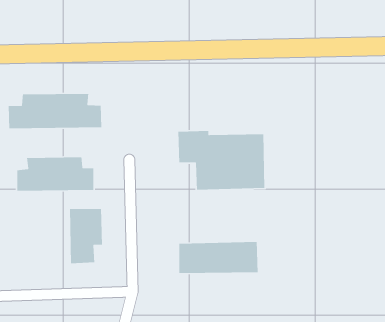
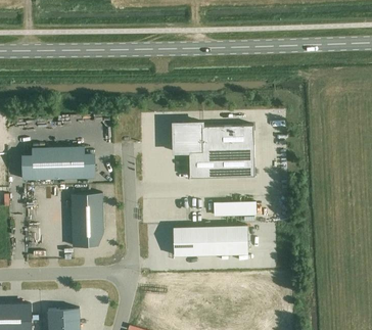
building: [8,93,102,129] -> none
building: none -> [213,201,257,217]

